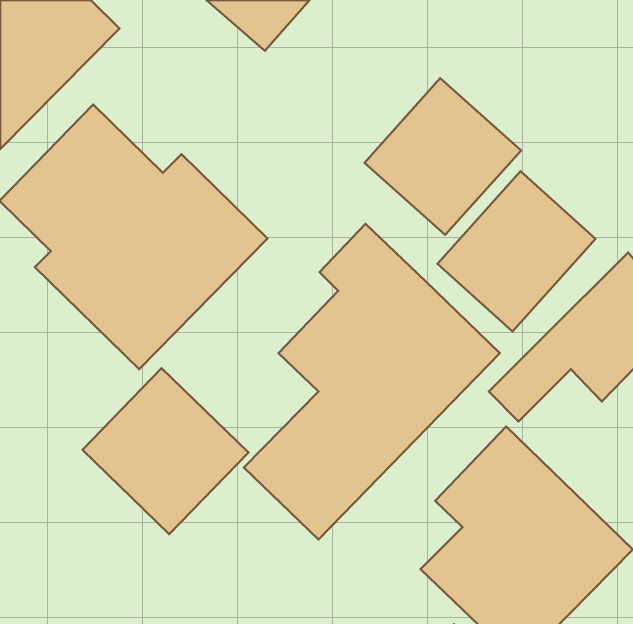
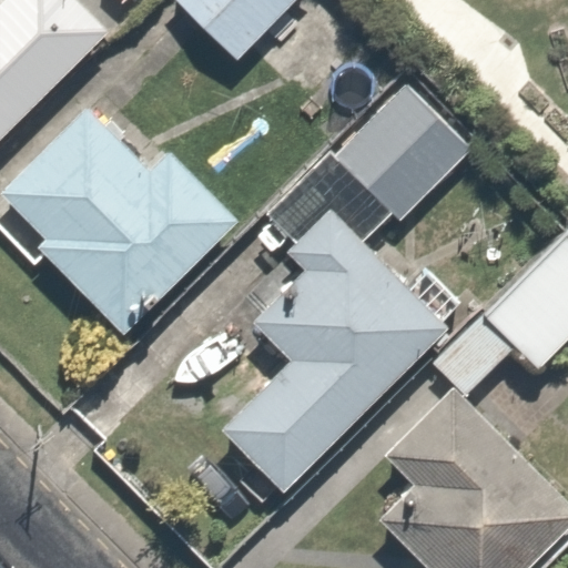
building: [437,171,595,331] -> none
building: [82,368,248,534] -> none

